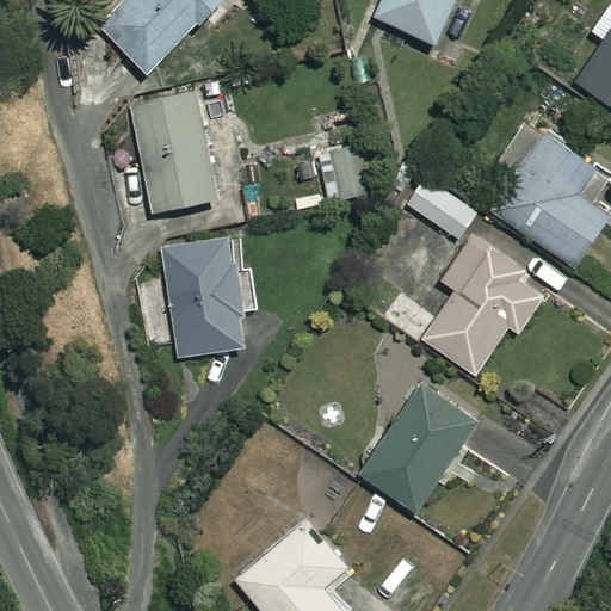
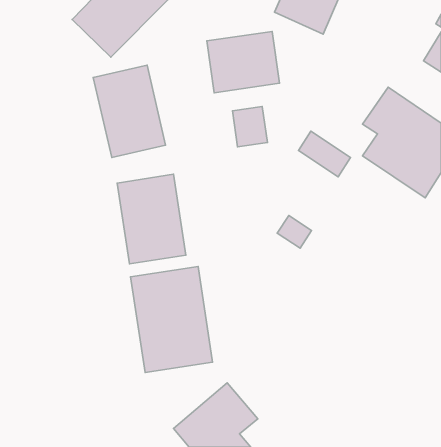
building: none -> [207,31,280,93]
building: [419,234,548,375] -> none
building: none -> [131,267,213,373]
building: [360,383,480,513] -> none

